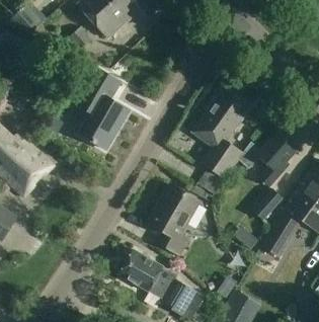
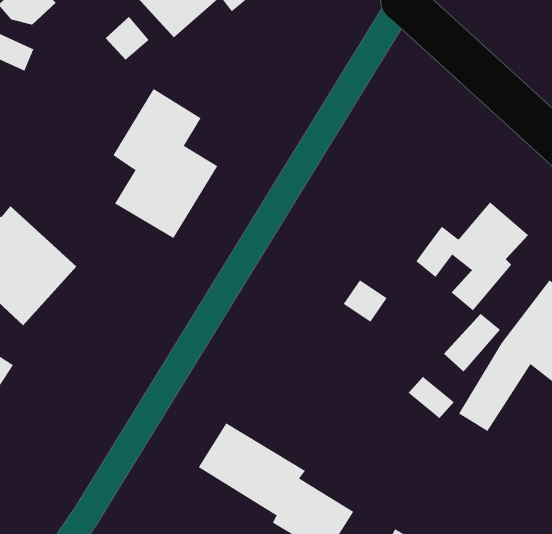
building: [188,85,253,180] -> none
building: [150,185,202,257] -> none

